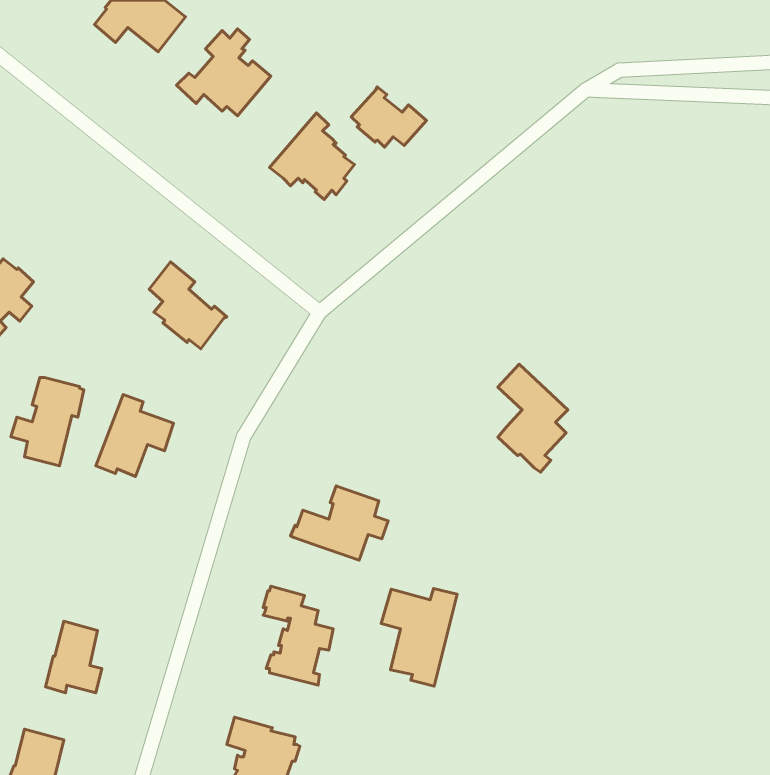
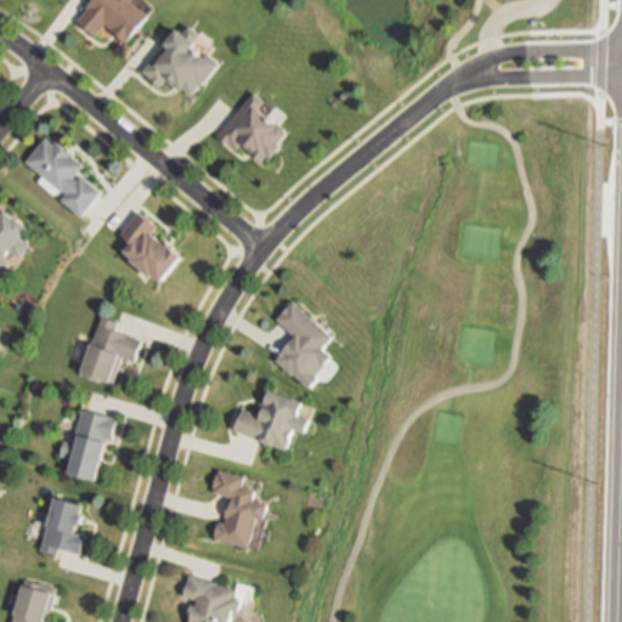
building: [351,87,426,147] -> none
building: none -> [23,136,98,216]
building: [498,364,568,472] -> [276,301,332,388]
building: [11,378,84,466] -> [55,409,113,480]
building: [381,588,457,686] -> none

